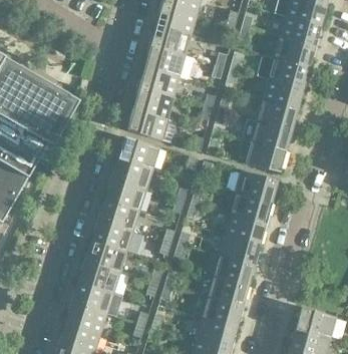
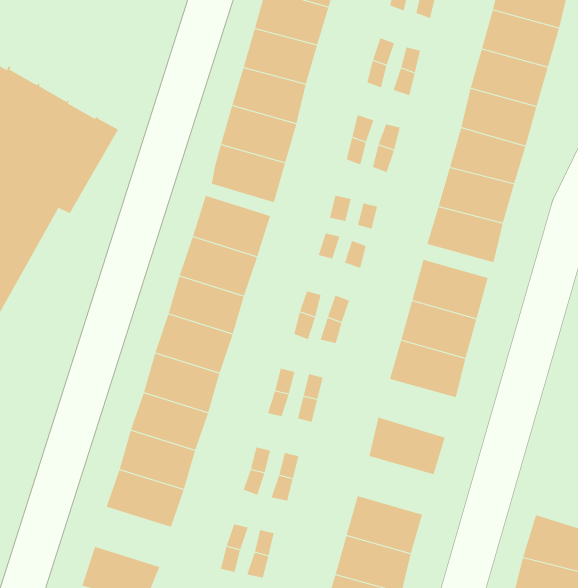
building: [218,234,260,265] -> none
building: [207,275,248,306] -> none
building: [66,302,107,334] -> none

